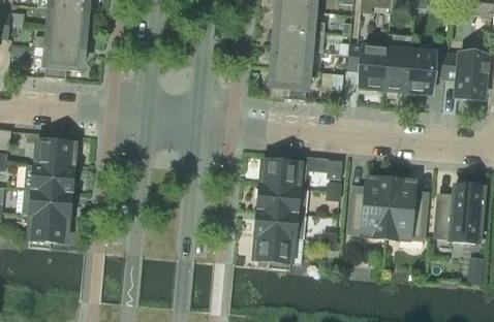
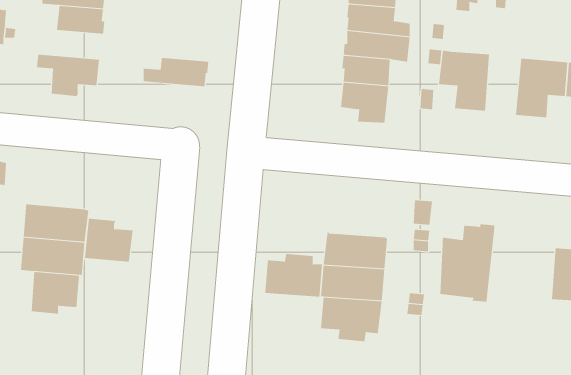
building: [34,27,86,50] -> [143,58,209,87]
building: [383,32,412,93] -> none
building: [36,132,74,166] -> [84,218,133,262]
building: [261,154,307,188] -> [264,253,323,297]
building: [384,179,427,239] -> none

